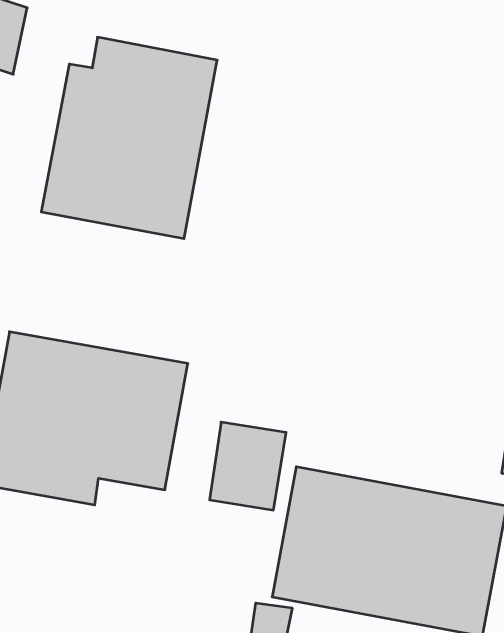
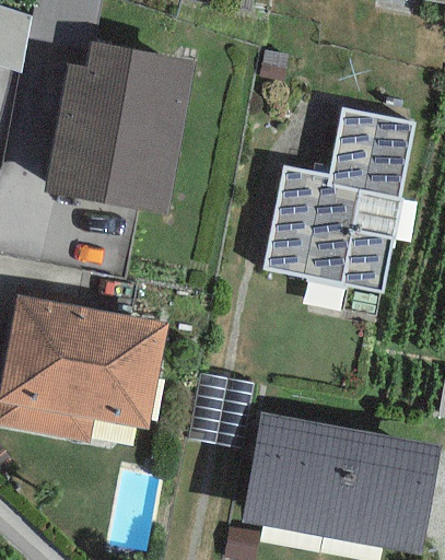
building: none -> [261,106,415,294]

